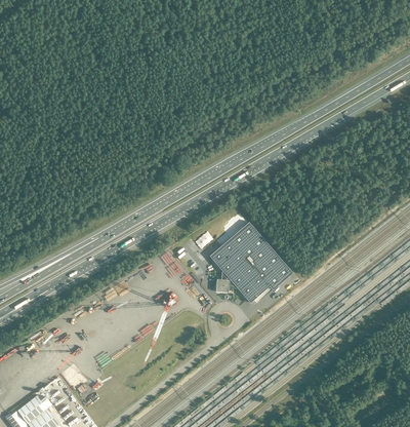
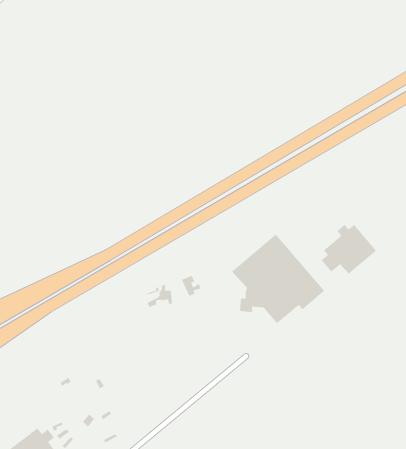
building: none -> [321,224,377,275]

